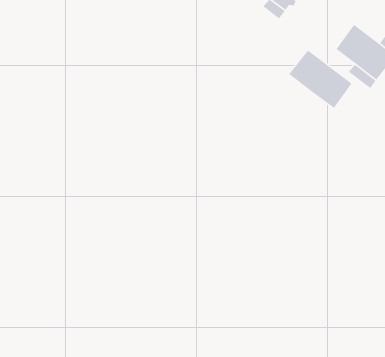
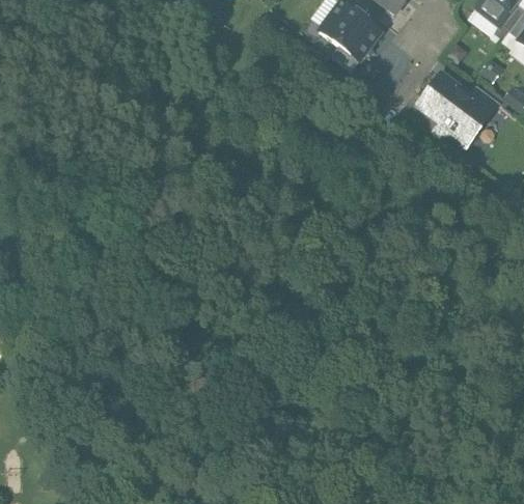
building: [288,50,353,109] -> none

